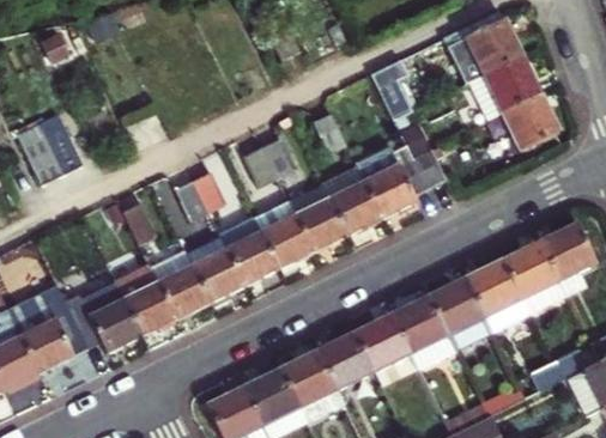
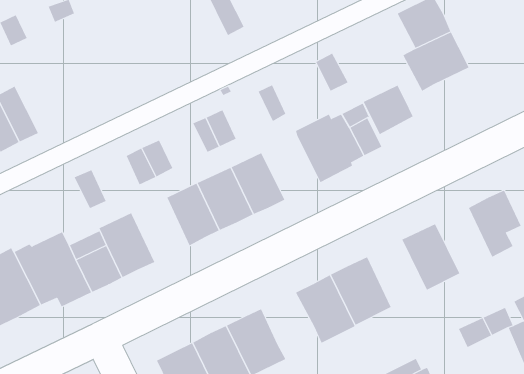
building: [501,96,555,148] -> [363,85,414,135]
building: [317,168,380,236] -> none
building: [181,233,241,302] -> none
building: [502,244,562,314] -> none
building: [430,278,492,349] -> none
building: [317,334,372,389] -> none

